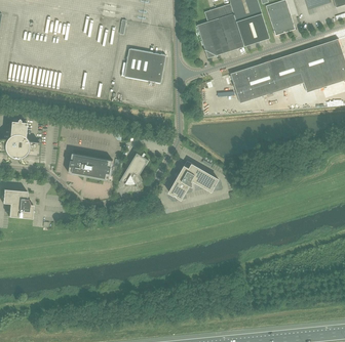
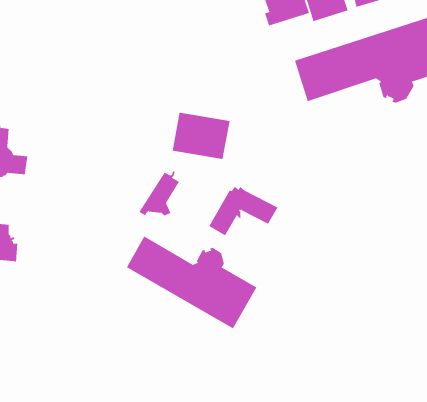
building: [123,49,165,83] -> [172,112,230,159]
building: [68,154,112,181] -> none
building: none -> [126,235,257,329]

